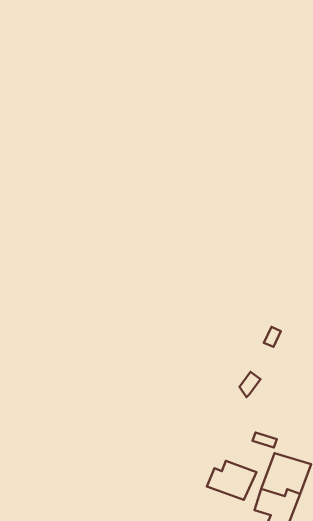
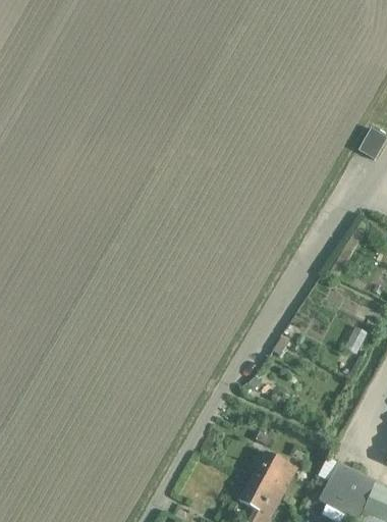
building: [207,461,257,500] -> none

